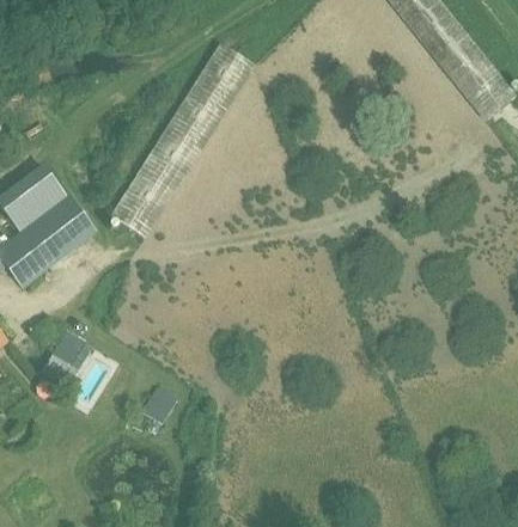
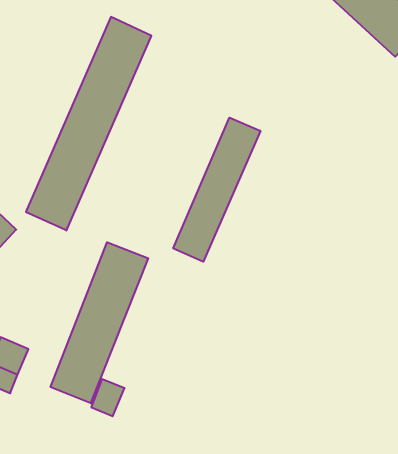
building: none -> [173,118,260,262]
building: none -> [51,242,148,403]

